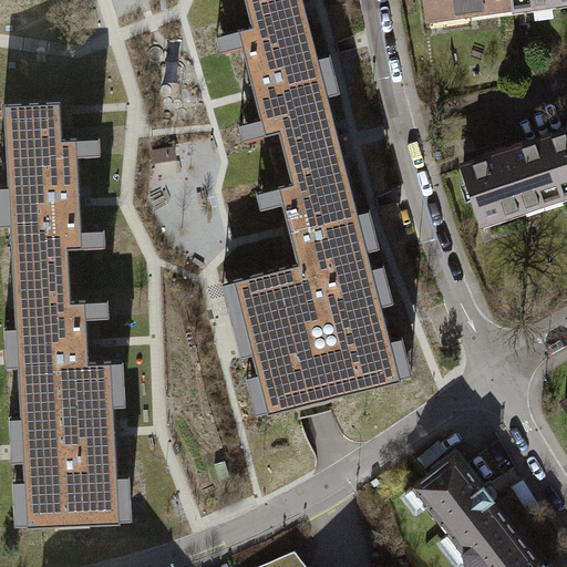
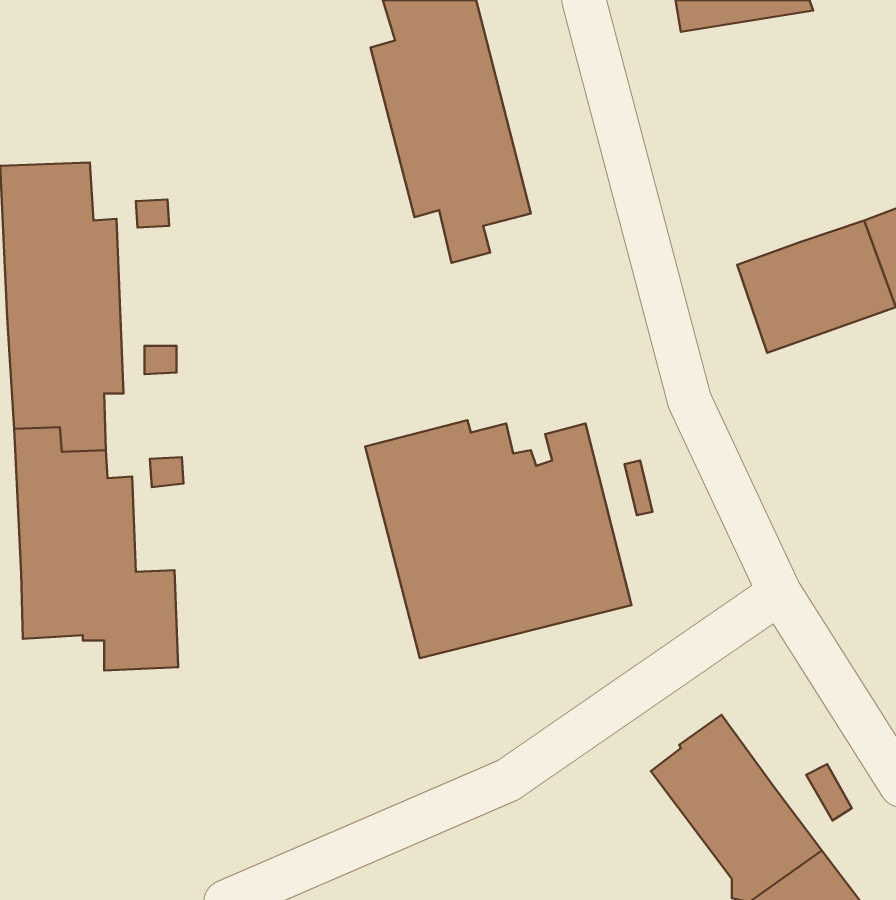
building: [277,135,371,293] -> none
building: [18,400,121,528] -> none

